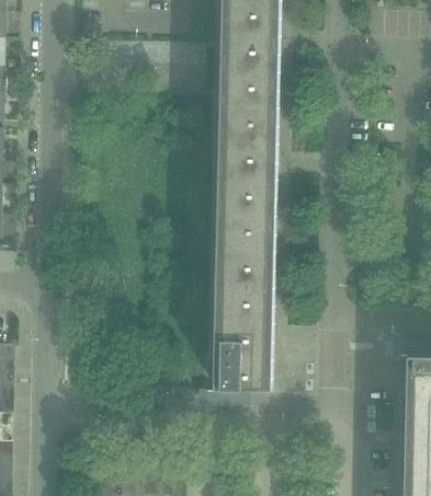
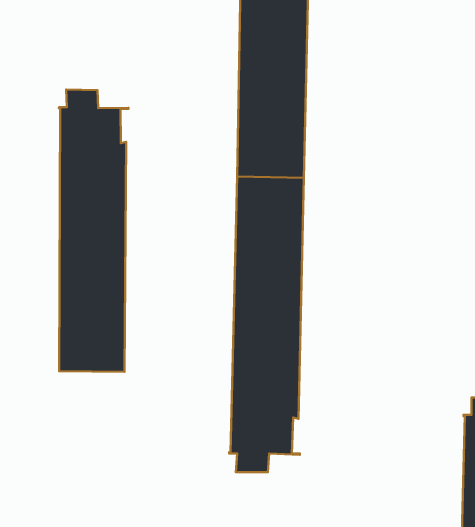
building: none -> [59,89,128,372]

